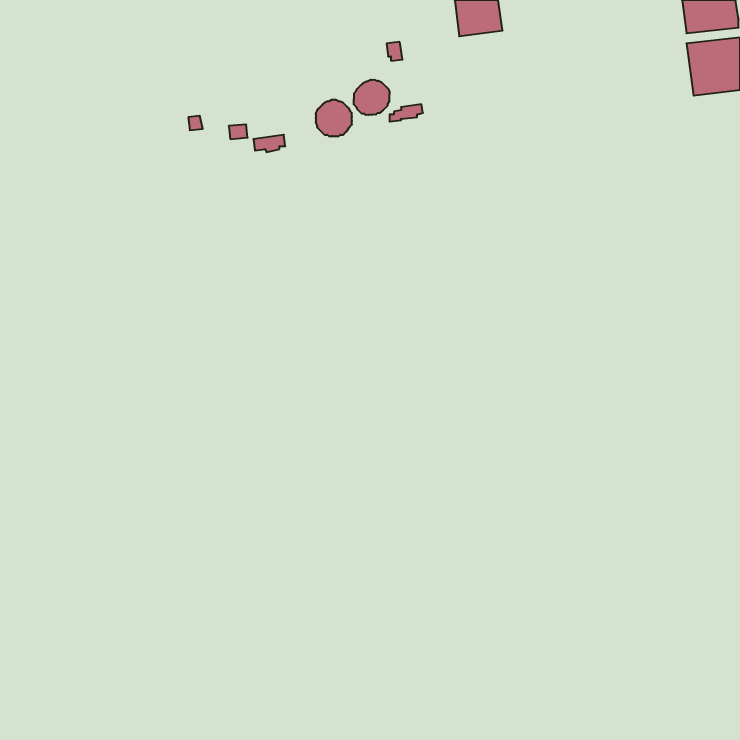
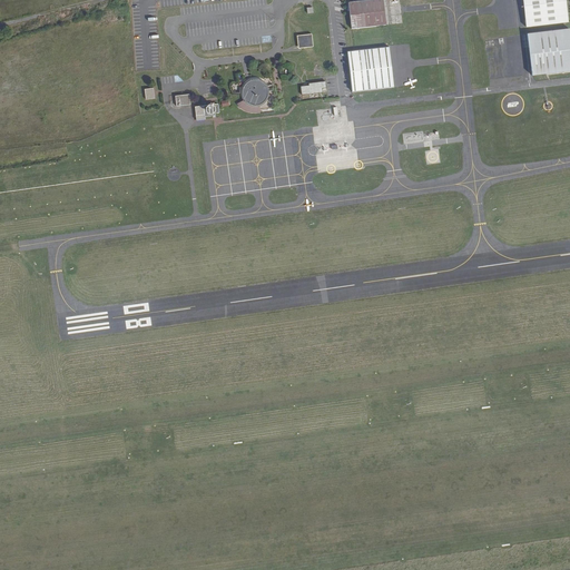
building: none -> [347,45,394,90]
building: [354,80,389,115] -> none

